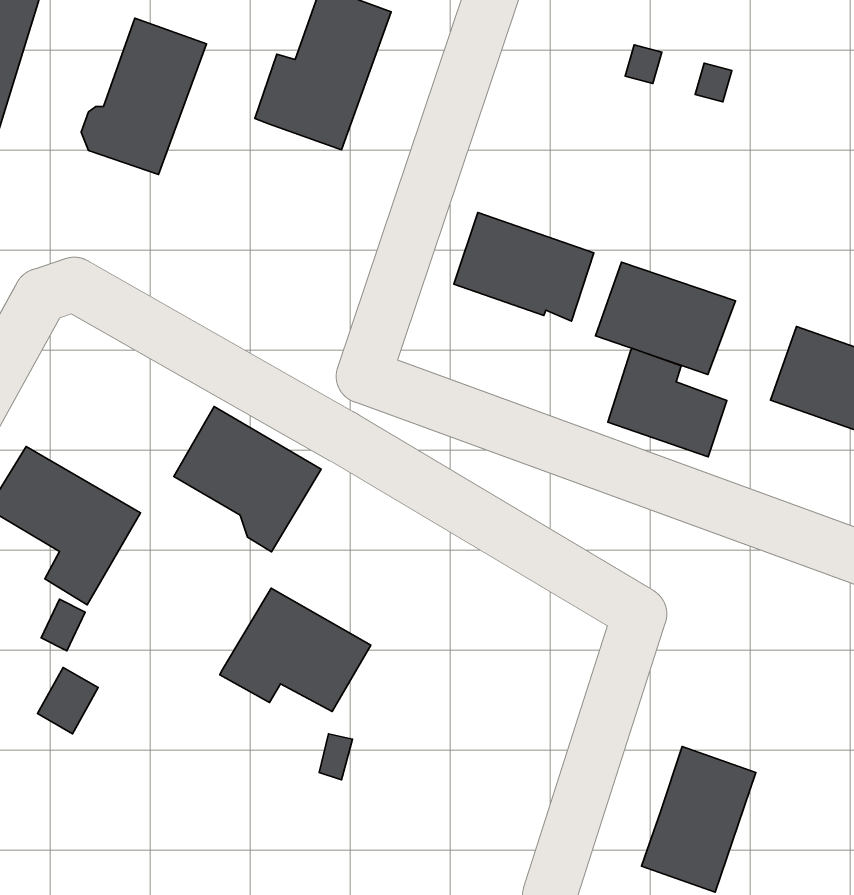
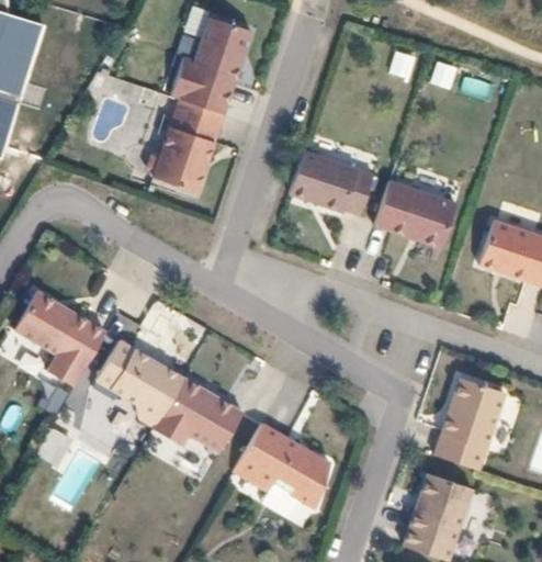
building: [81,18,207,175] -> [149,99,224,192]
building: [608,348,727,457] -> none
building: [174,406,321,552] -> [94,338,182,425]
building: none -> [434,376,504,469]
building: none -> [232,424,327,506]

